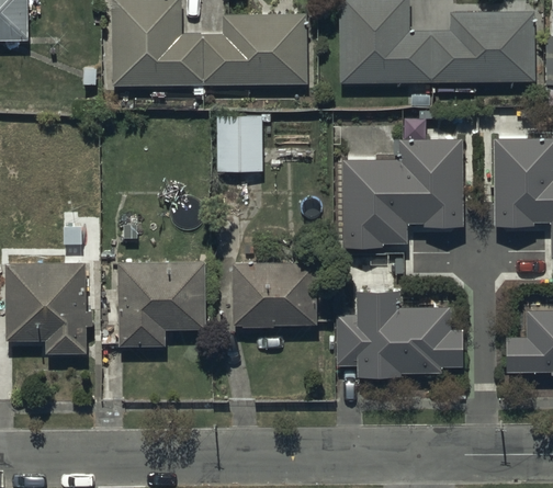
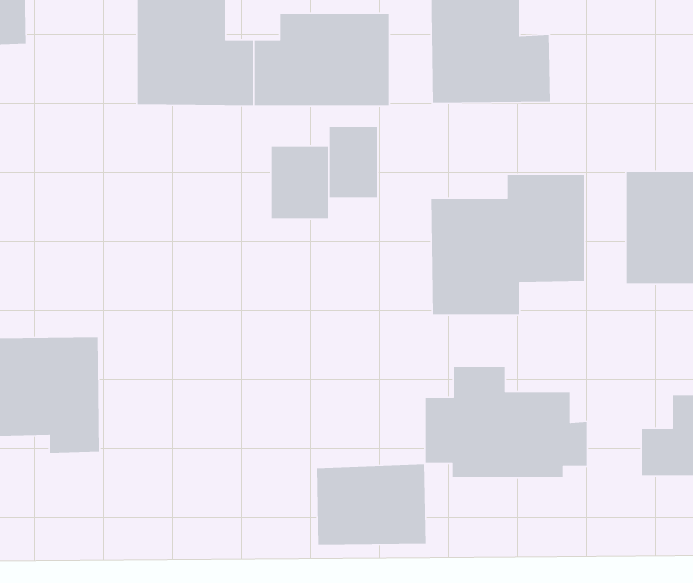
building: [432,12,534,82] -> none
building: none -> [329,126,378,198]
building: [119,260,210,347] -> none
building: [232,262,317,326] -> [316,464,426,546]

